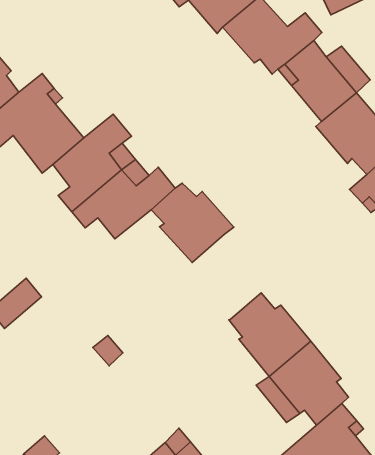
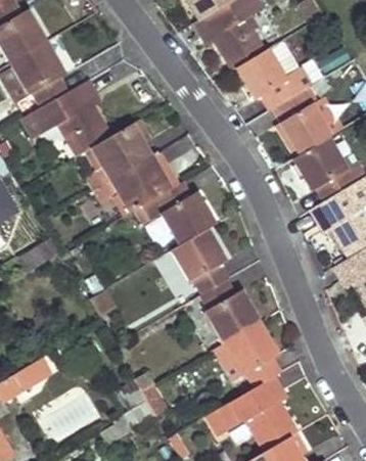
building: none -> [172,227,229,293]

